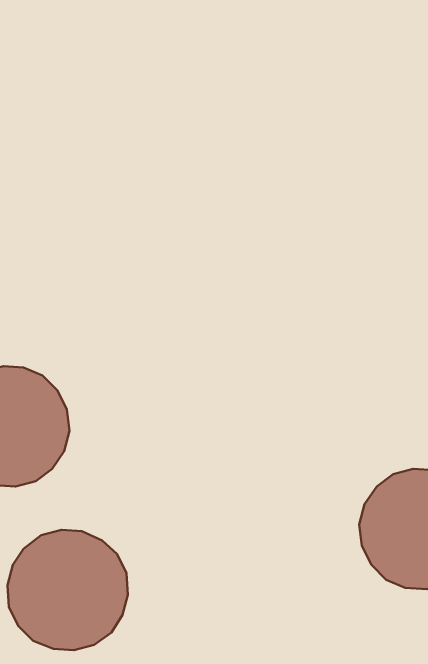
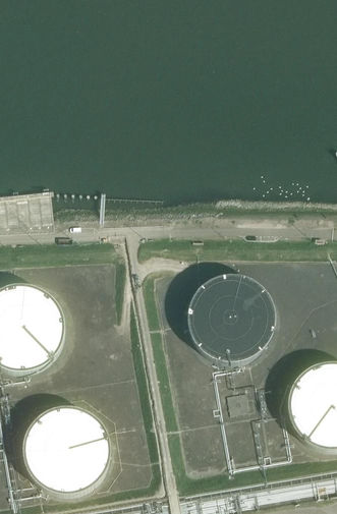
building: none -> [185,273,276,363]

